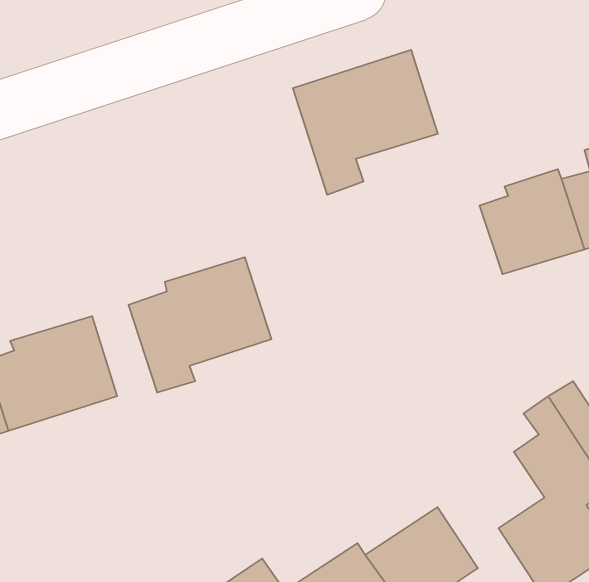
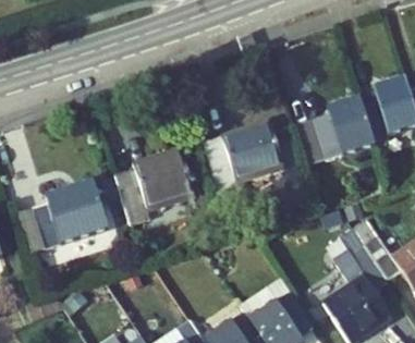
building: [293,50,438,195] -> [199,119,282,201]

